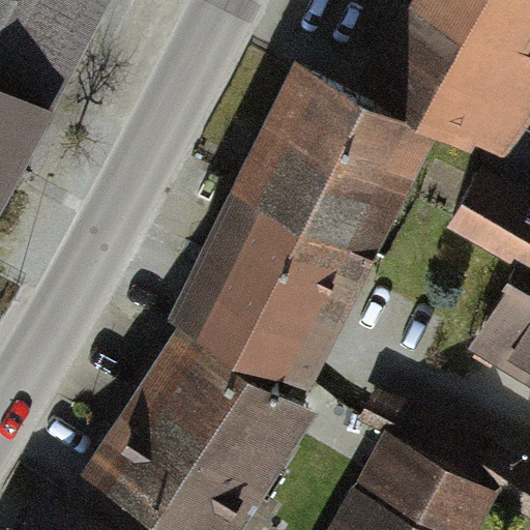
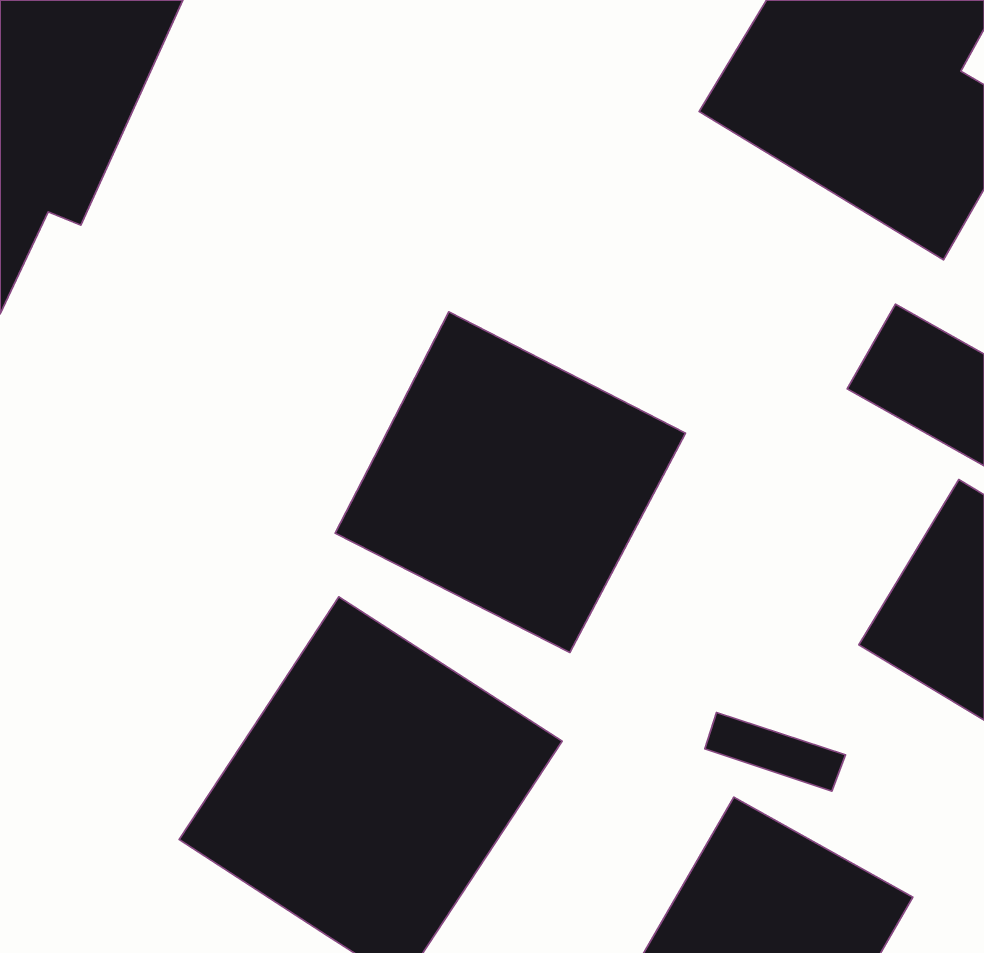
building: [241,64,431,249] -> none

